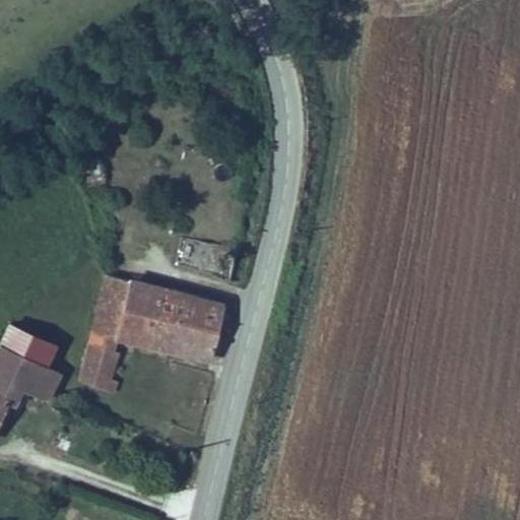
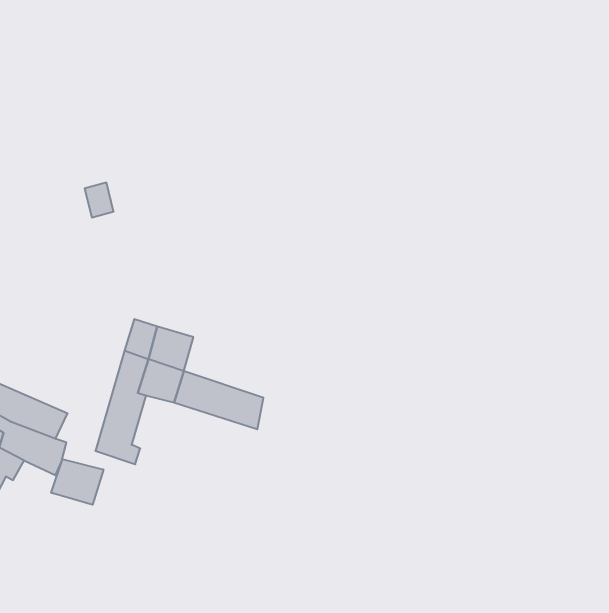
building: [154,287,229,338] -> none
building: none -> [51,459,103,505]

